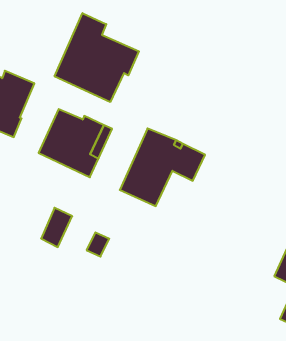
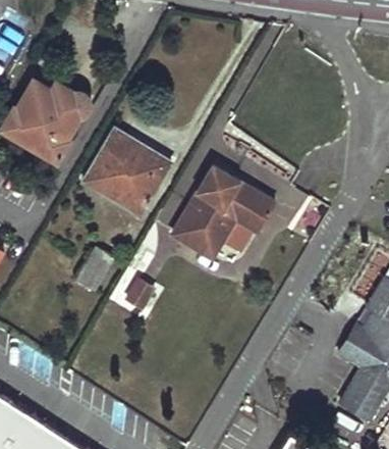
building: [55,13,139,102] -> none

